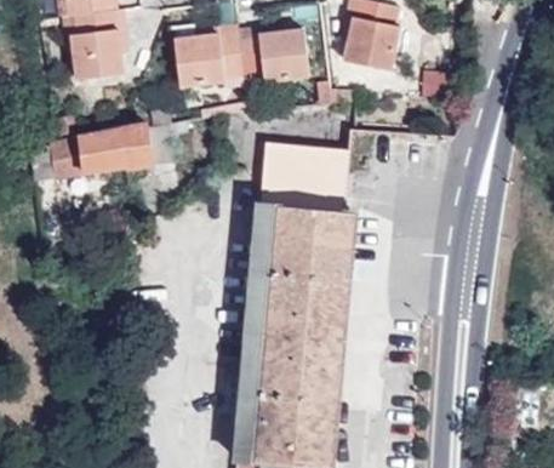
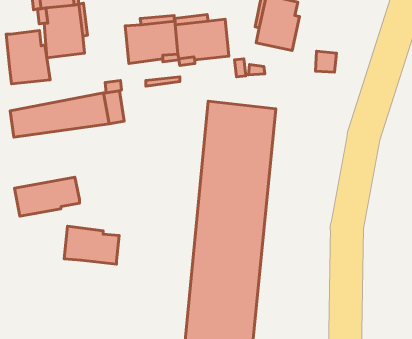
building: none -> [6,30,50,84]
building: none -> [14,177,80,216]
building: none -> [64,226,119,264]

